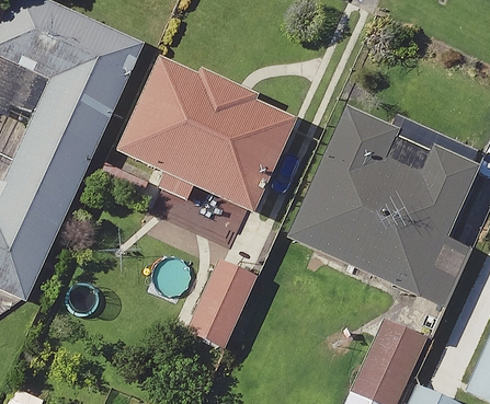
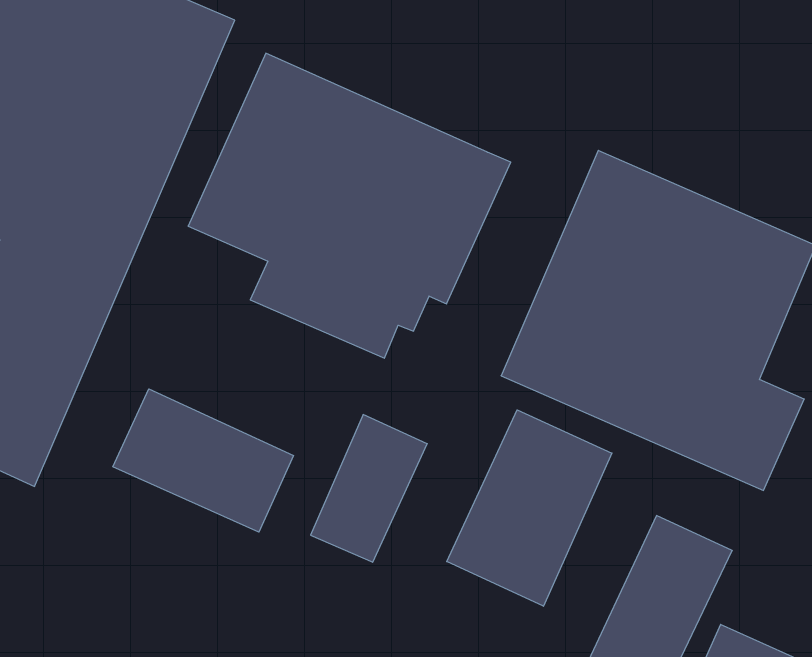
building: none -> [113,389,294,532]
building: none -> [447,410,612,606]

